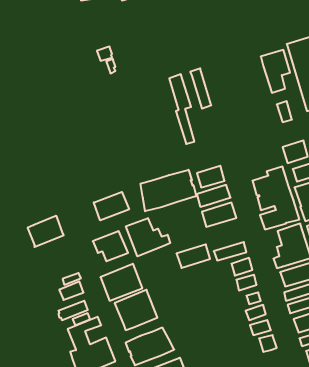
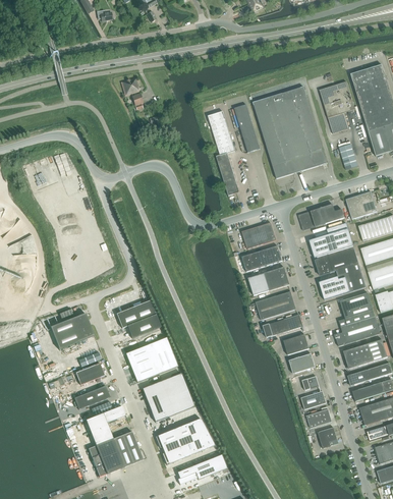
building: none -> [251,86,327,177]
building: none -> [297,204,344,229]
building: [141,170,196,211] -> none
building: [94,192,129,220] -> none
building: [28,216,64,247] -> [50,312,94,349]
building: [126,218,170,256] -> none
building: [176,244,210,268] -> [255,290,295,319]

